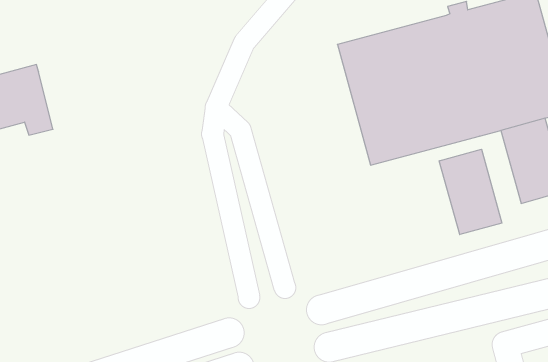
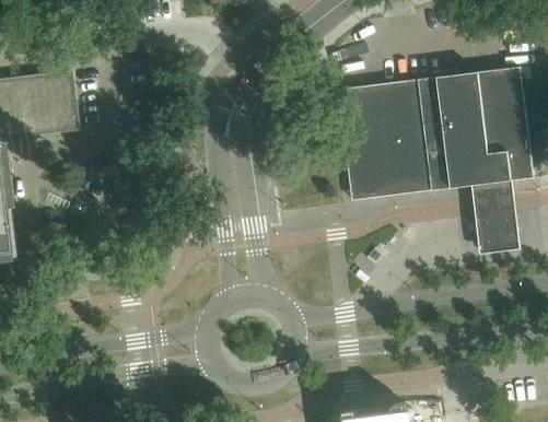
building: [439,149,502,235] -> none

